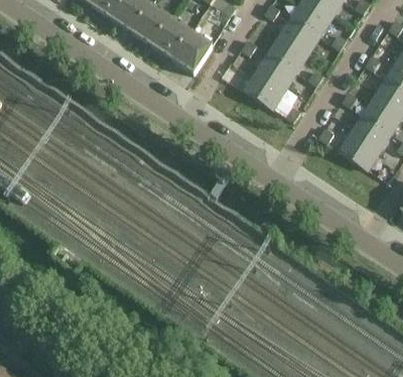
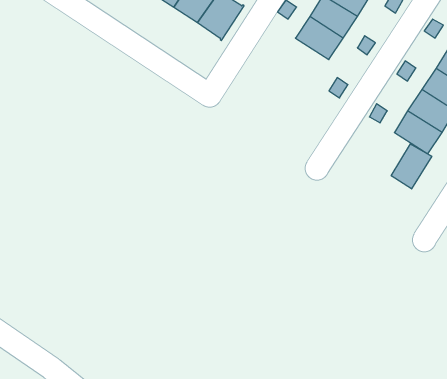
building: [244,71,284,107] -> none
building: none -> [391,144,432,189]

